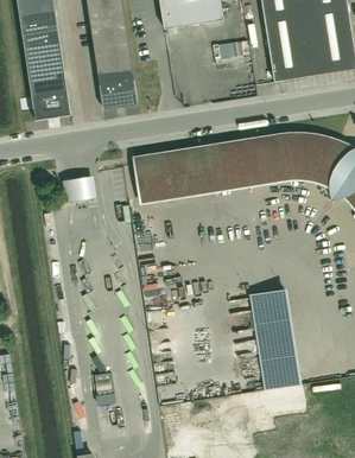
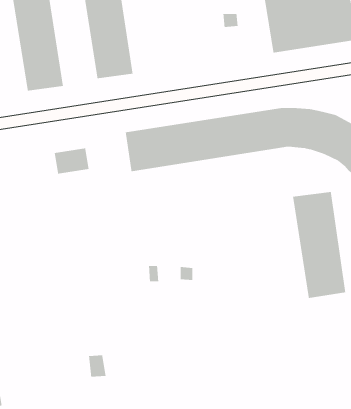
building: [252,285,304,389] -> [292,191,346,299]

